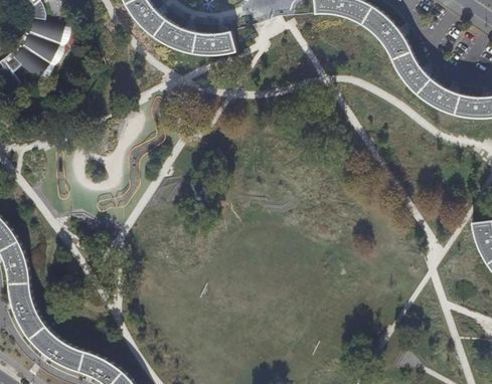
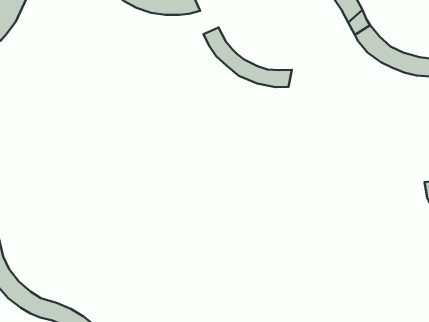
building: none -> [203,27,292,87]

